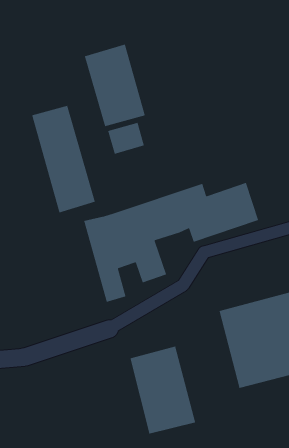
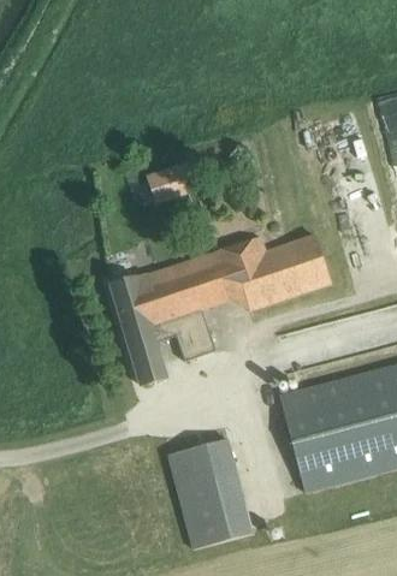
building: [84,43,146,127] -> none
building: [31,105,96,214] -> none

